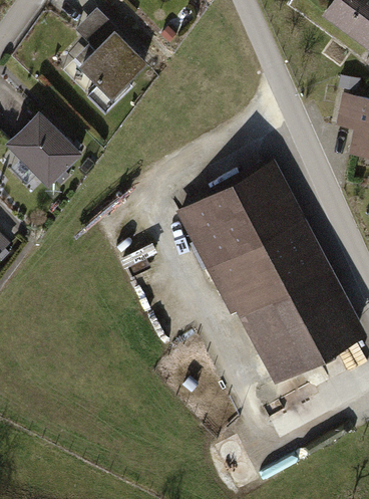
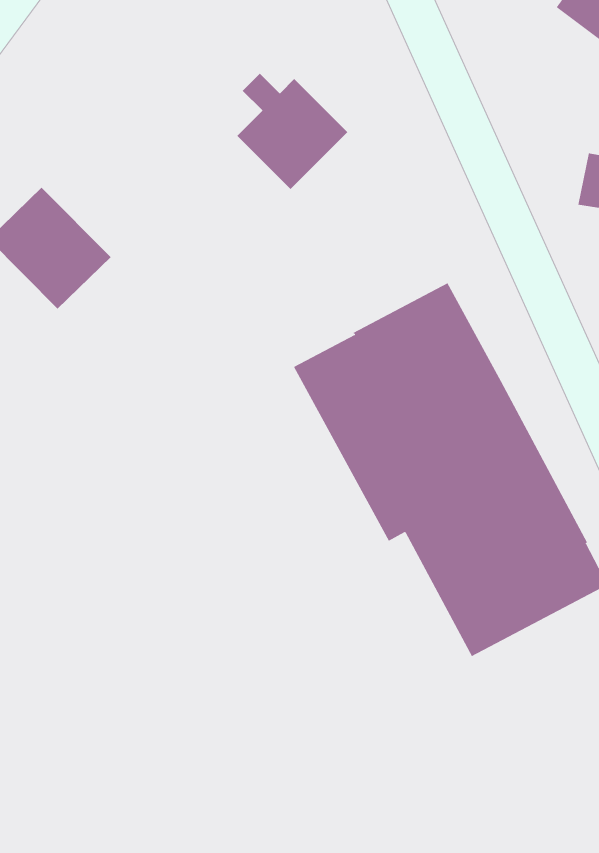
building: [81,30,143,95] -> [237,73,348,190]

